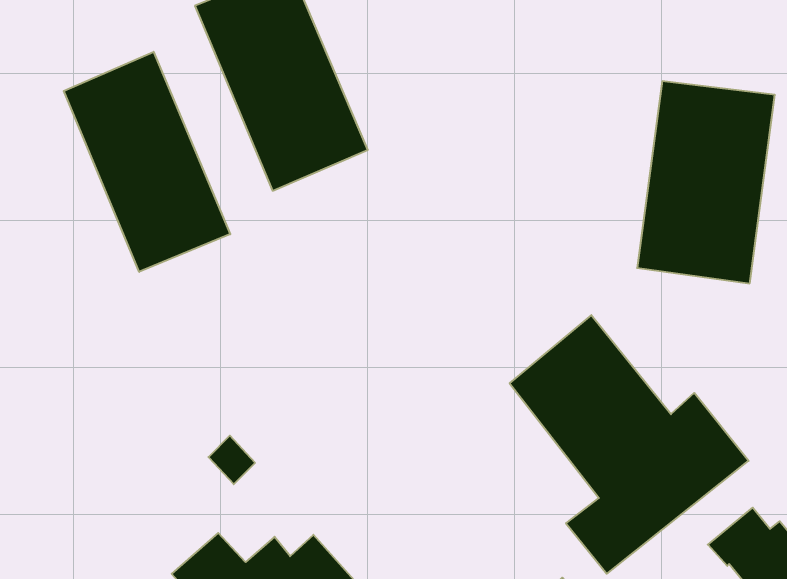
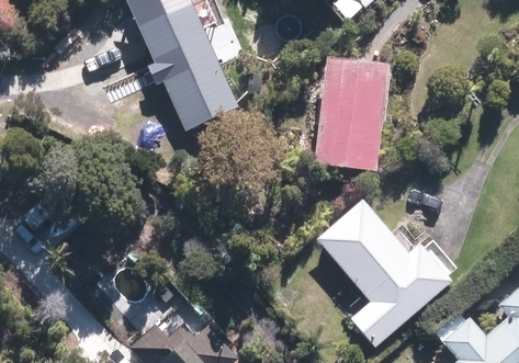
building: [64,52,230,272] -> none
building: [637,81,775,283] -> [314,57,392,171]

